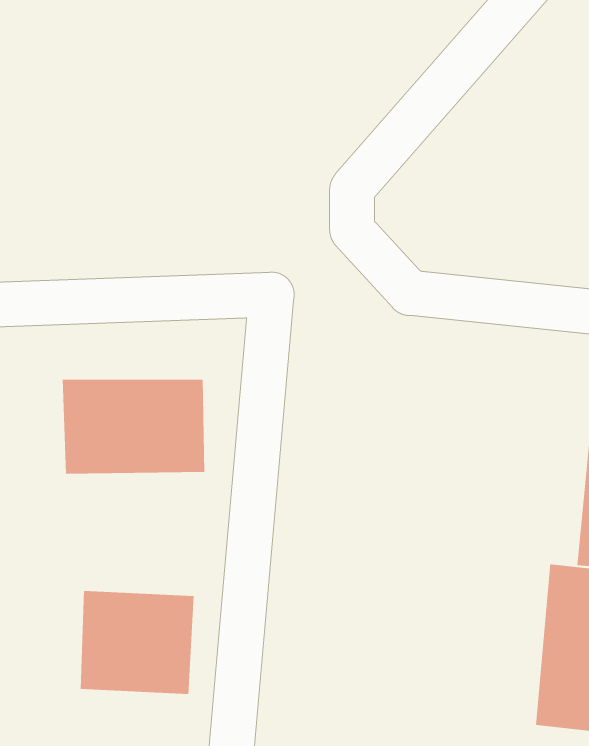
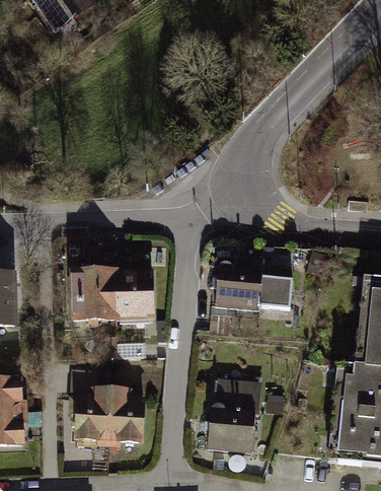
building: none -> [211,260,298,310]
building: none -> [209,376,260,450]

